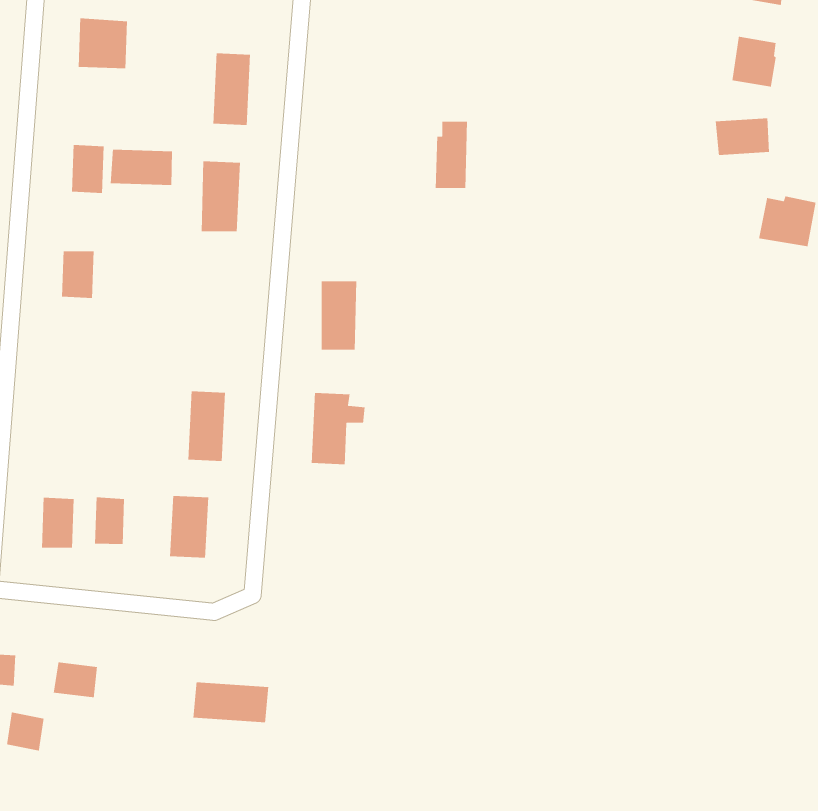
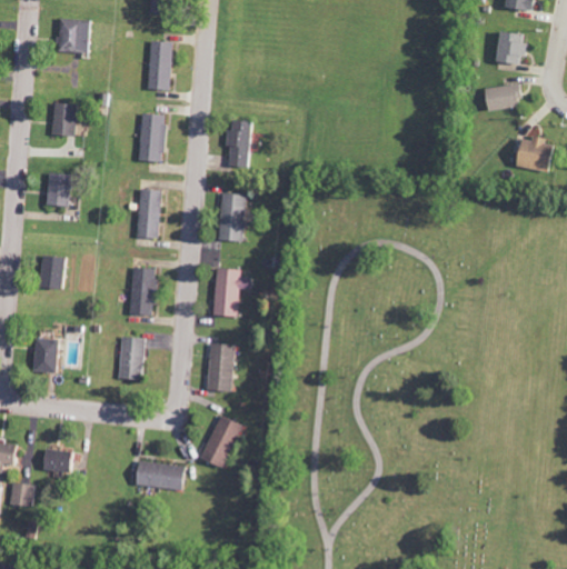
building: [435,121,468,189] -> [227,120,249,166]
building: [110,149,173,186] -> none
building: none -> [138,189,161,238]
building: none -> [38,254,66,289]
building: [94,497,125,545] -> none
building: none -> [205,342,236,392]
building: none -> [203,417,238,468]

